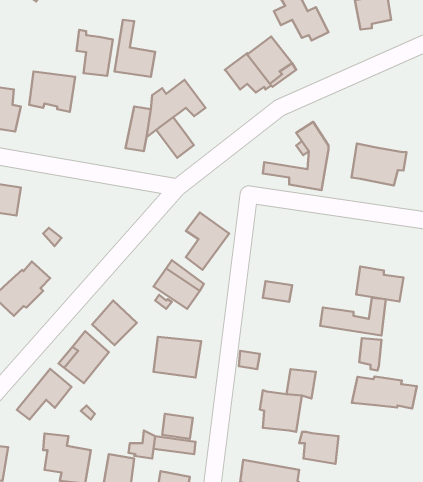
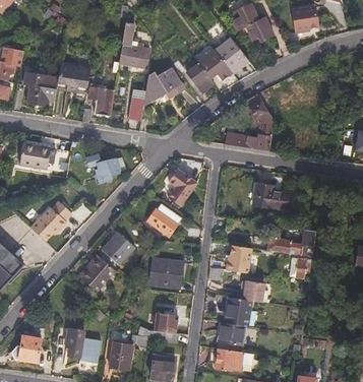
building: [76,30,113,76] -> [87,83,114,117]
building: [156,117,194,158] -> [187,63,215,92]
building: [351,143,407,185] -> none
building: none -> [84,157,118,186]
building: [356,266,404,301] -> [252,182,287,207]
building: none -> [229,245,253,273]
building: [17,369,71,420] -> none
building: [352,377,417,409] -> none
building: [299,432,338,464] -> [217,321,245,344]

